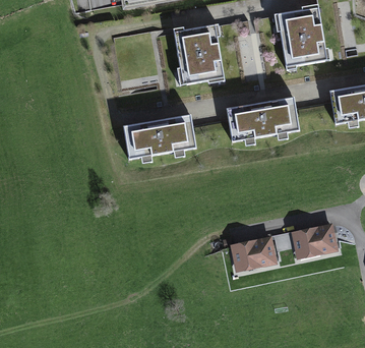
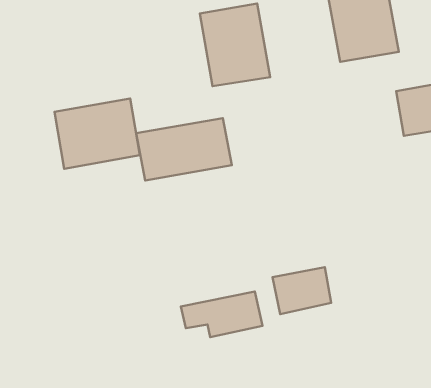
building: [227,98,300,147] -> none
building: none -> [55,98,140,169]
building: [273,222,339,258] -> [181,291,262,337]

